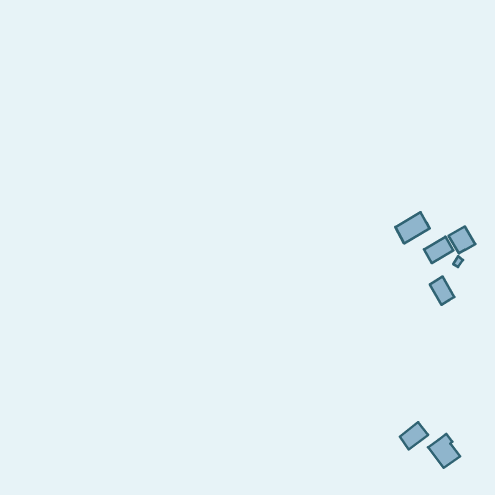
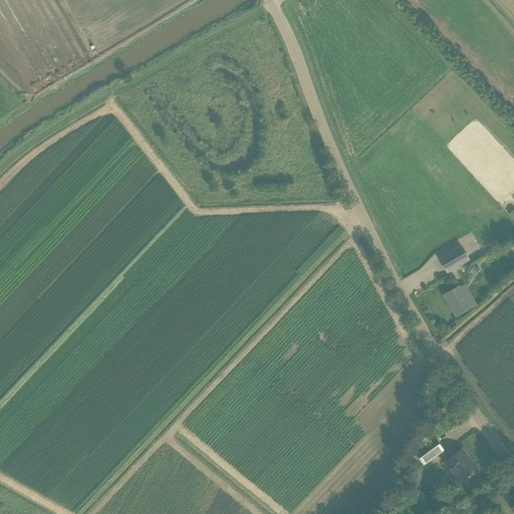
building: [395,212,430,243] -> none
building: [449,227,475,253] -> none

